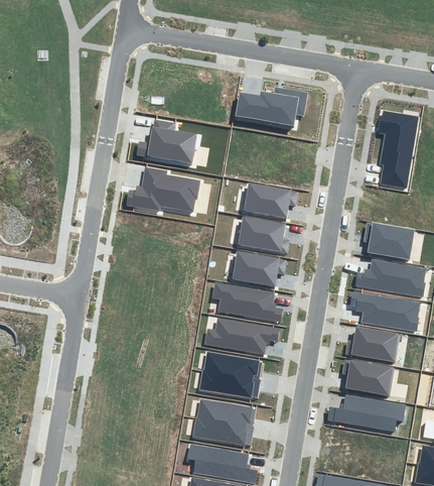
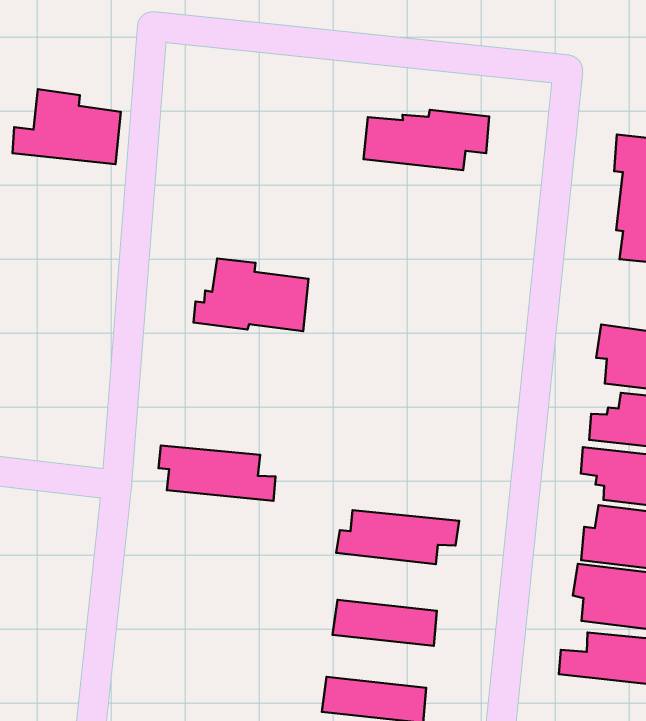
building: [135,119,199,165] -> [12,89,121,164]
building: [245,184,299,218] -> none
building: [238,218,289,254] -> none
building: [234,251,288,286] -> none
building: [213,284,281,321] -> [159,445,275,501]
building: [203,351,264,380] -> none
building: [194,395,255,424] -> none

